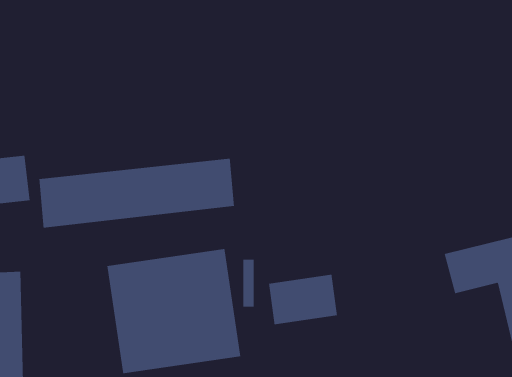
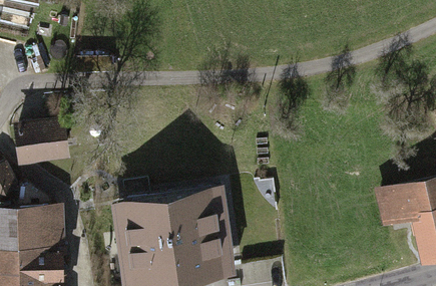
building: [39,158,234,228] -> none
building: [268,274,338,325] -> none

